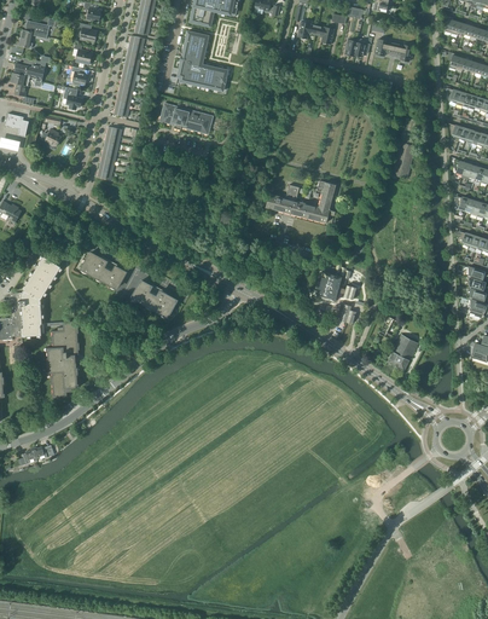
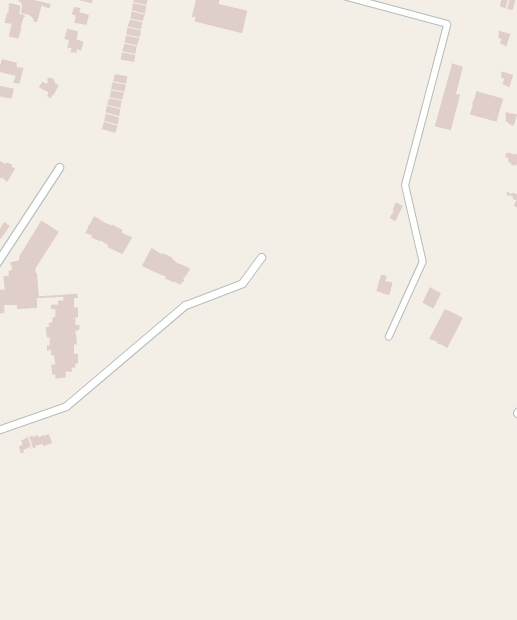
building: [161,104,213,133] -> none
building: none -> [468,90,504,123]
building: [266,179,335,222] -> none
building: [316,271,356,300] -> none

